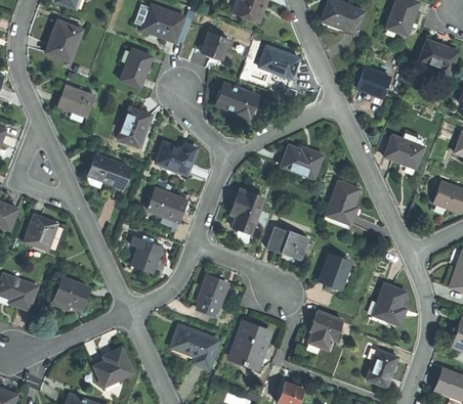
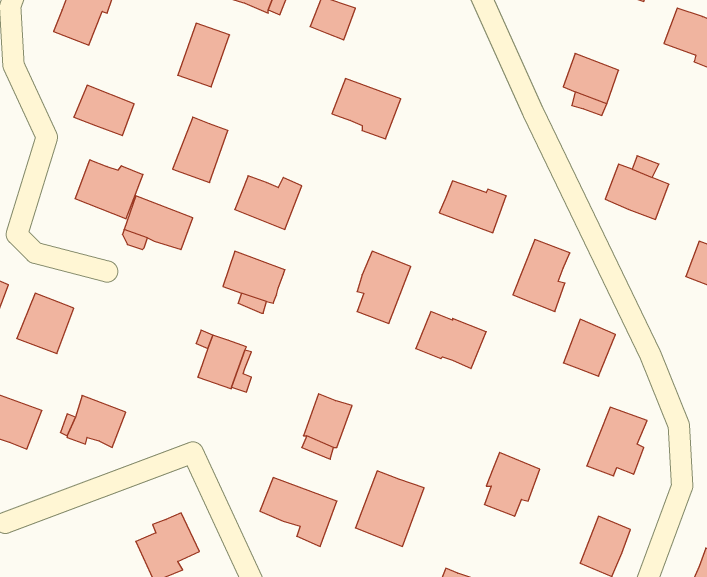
building: [259,45,299,78] -> none
building: none -> [75,160,143,219]
building: [320,254,351,288] -> [563,319,615,376]

